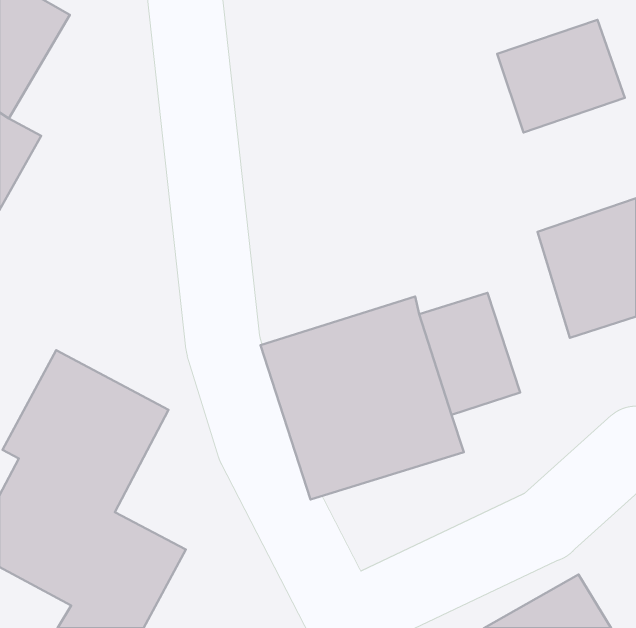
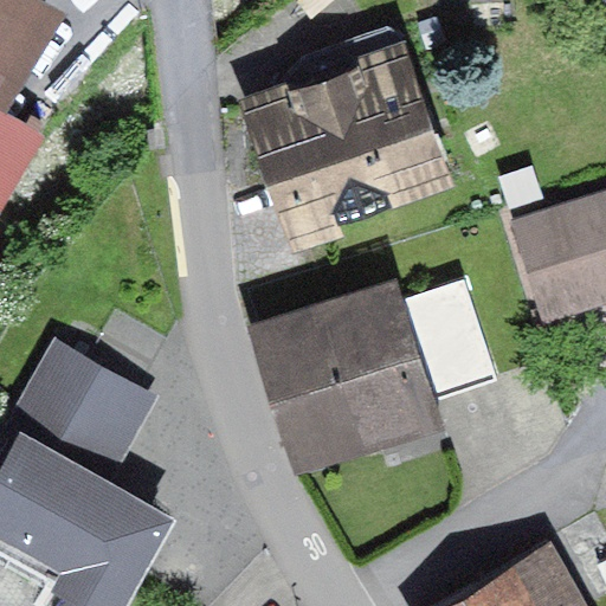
building: [497,20,625,133] -> none
building: none -> [239,50,452,254]

